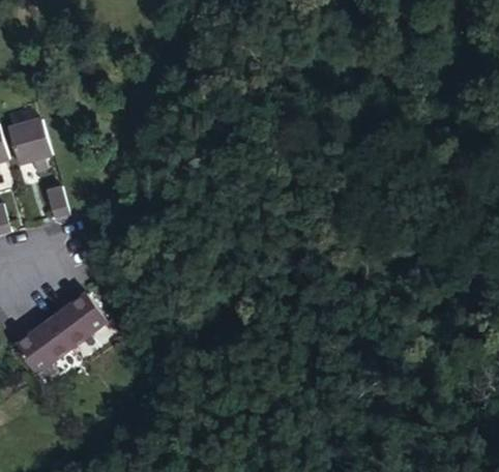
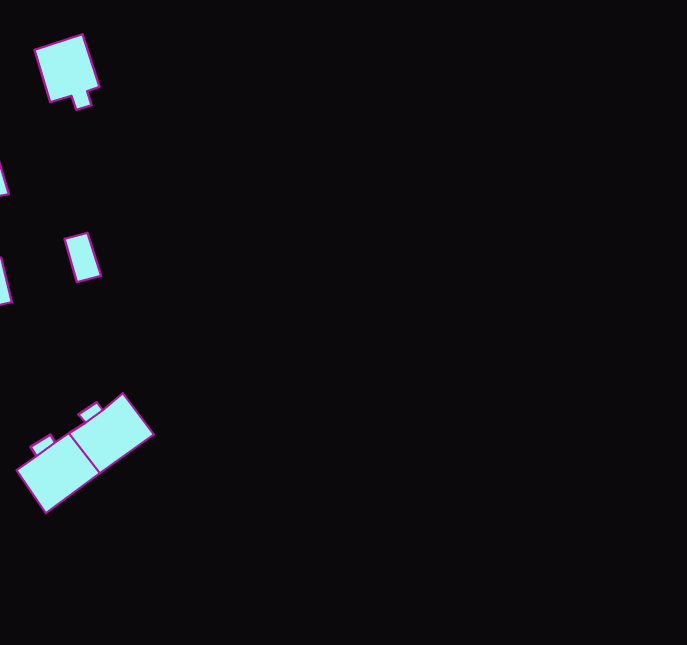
building: [8,119,52,170] -> [35,34,99,110]

